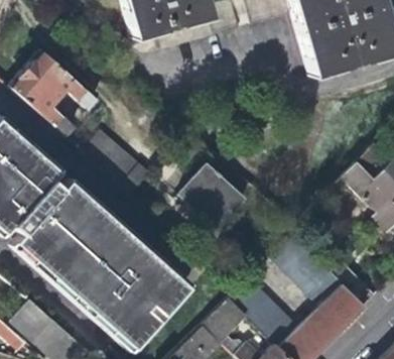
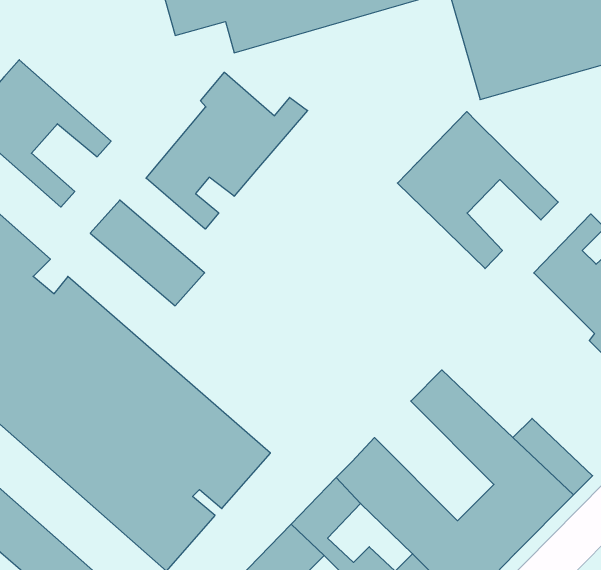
building: none -> [146,72,308,229]
building: none -> [397,112,558,269]
building: [180,168,246,233] -> none

